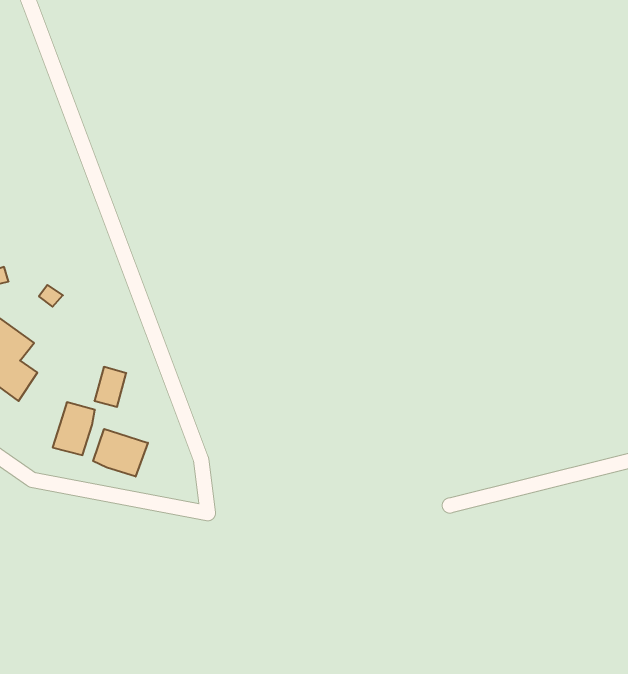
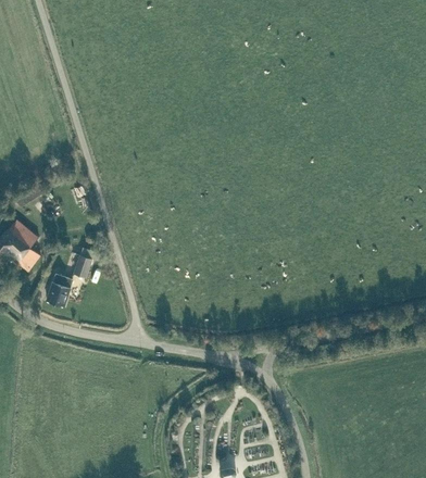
building: [93,429,148,477] -> none

